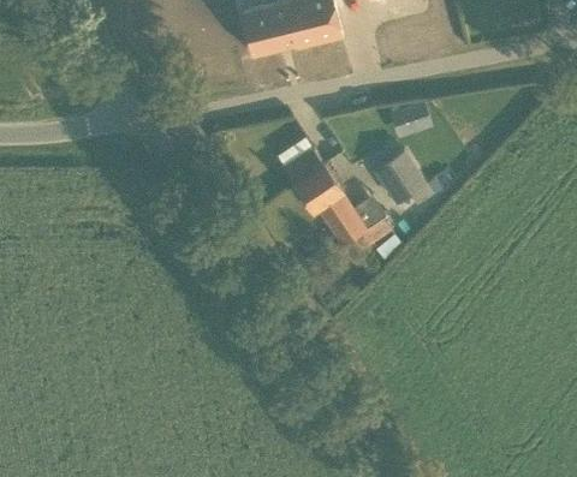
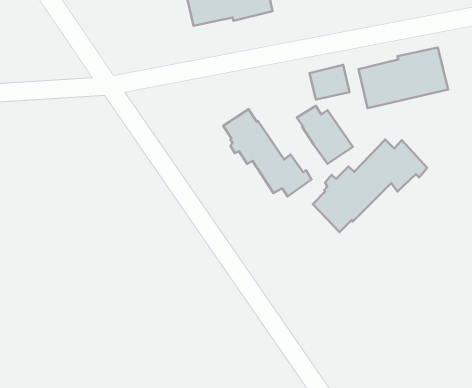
building: none -> [358,47,448,108]
building: none -> [313,139,427,232]

